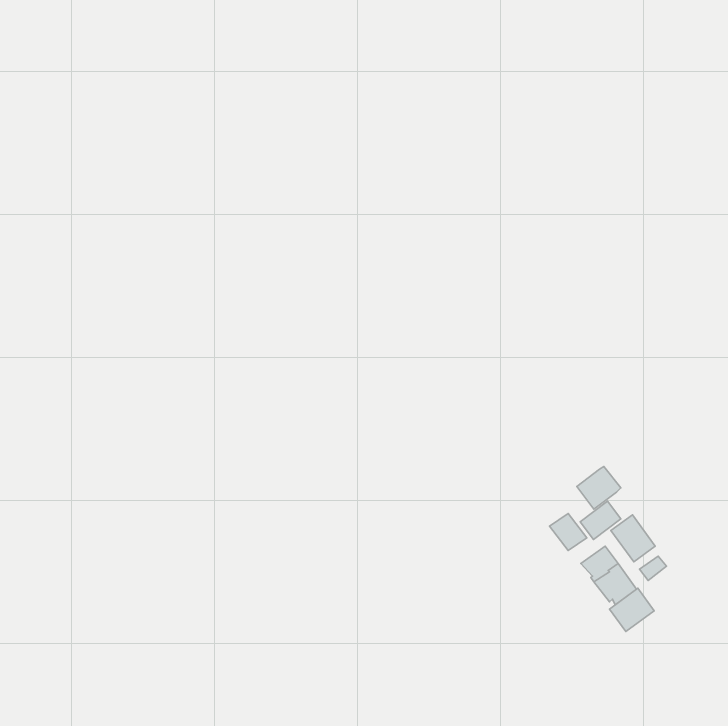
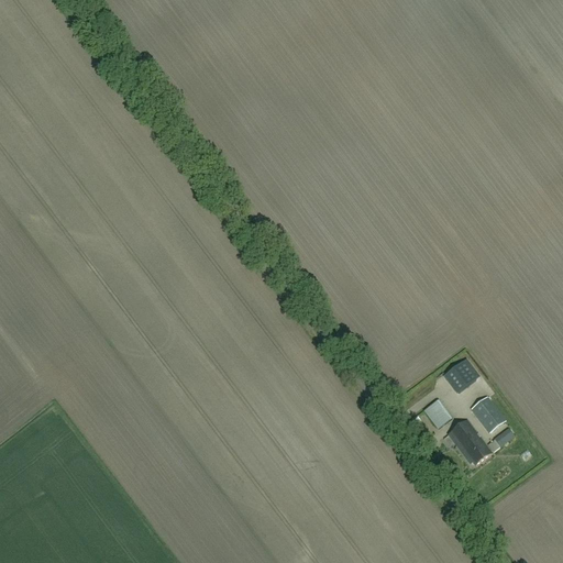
building: [580,501,621,539] -> none
building: [609,588,654,632] -> none

